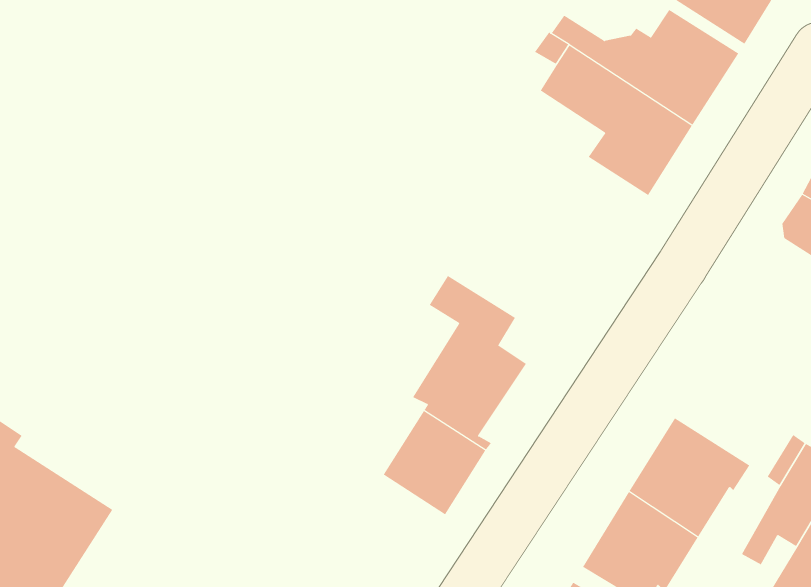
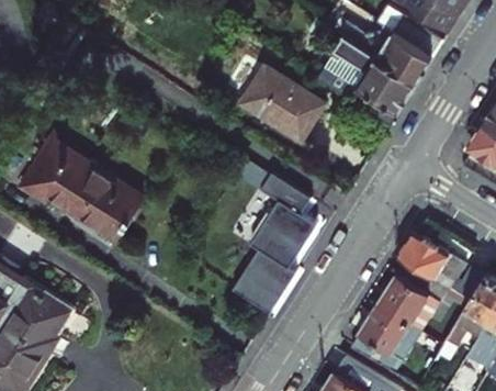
building: none -> [240,65,325,141]
building: none -> [24,141,143,238]
building: none -> [398,232,466,286]

